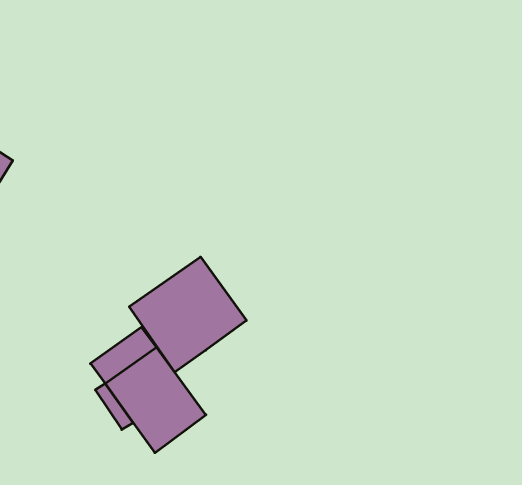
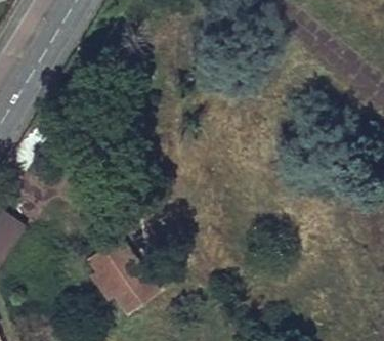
building: [129,257,246,372] -> none

